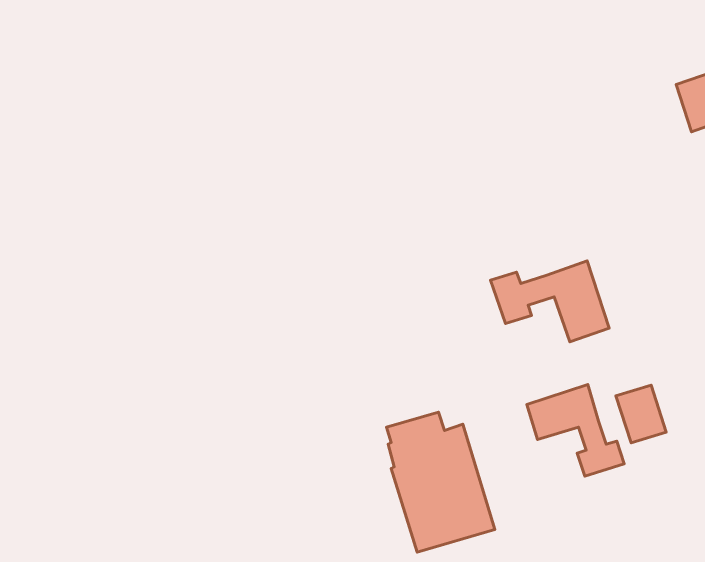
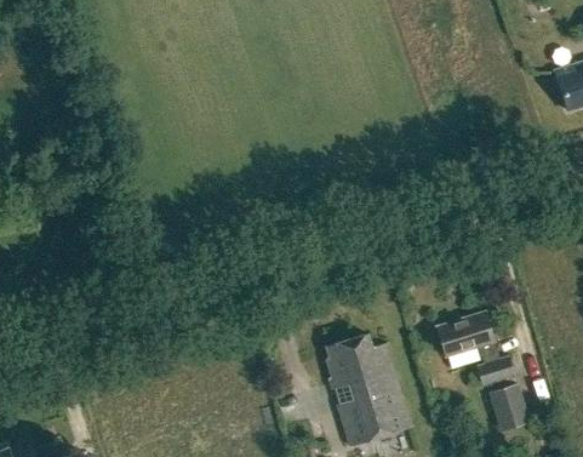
building: [490,261,609,342] -> none
building: [616,385,666,443] -> [488,385,528,432]

